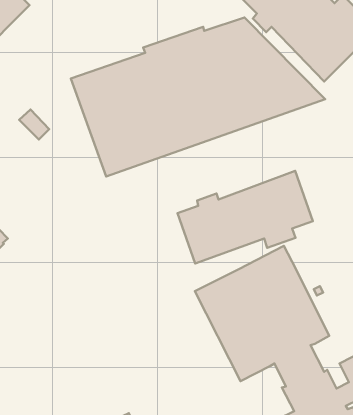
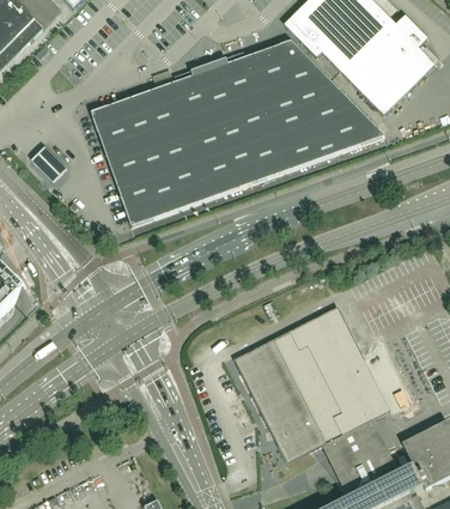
building: [177,171,313,264] -> none

